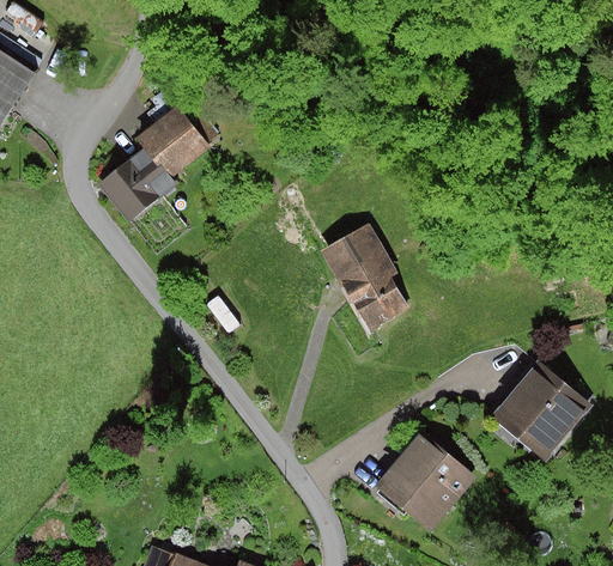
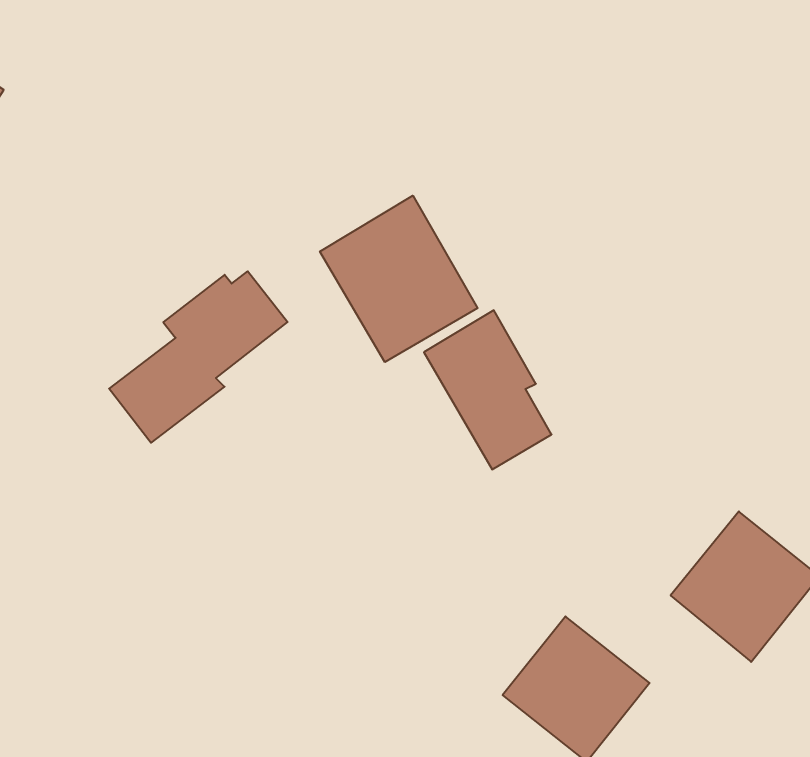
building: [98,103,220,220] -> [109,271,288,443]
building: none -> [320,196,478,362]

